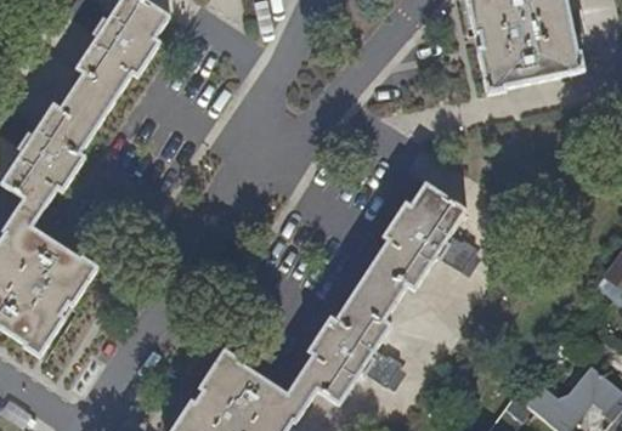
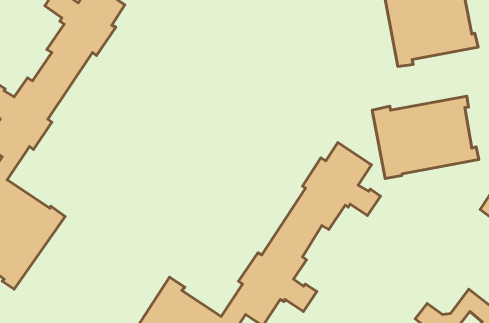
building: none -> [372,96,479,178]

